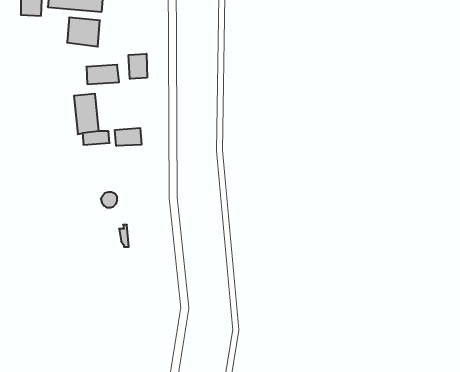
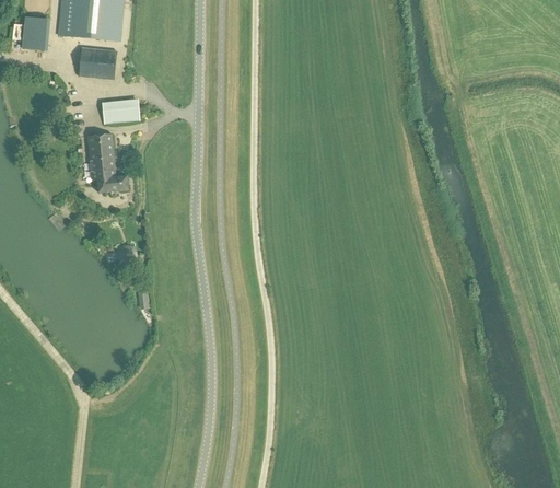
building: [129,54,147,79] -> none
building: [115,128,141,146] -> none

